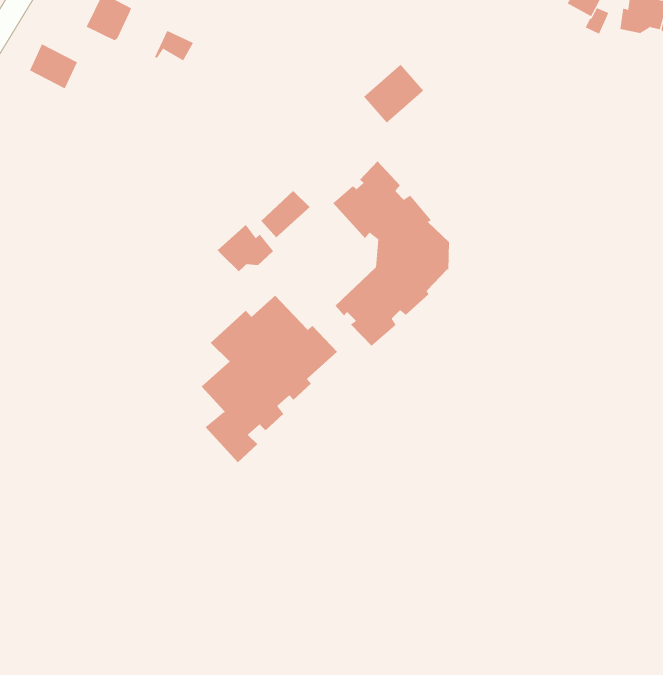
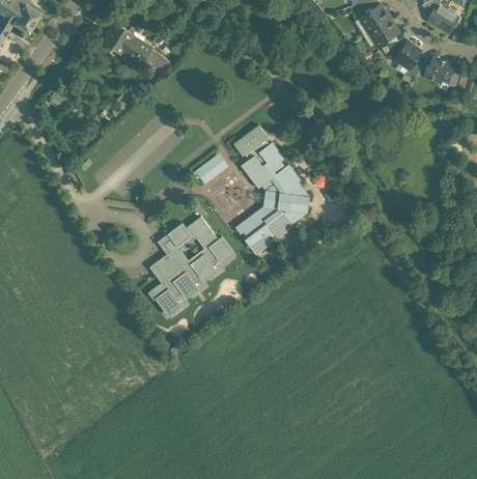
building: [29,44,78,89] -> [120,35,150,64]
building: [363,64,424,124] -> [233,123,271,159]
building: [217,224,274,272] -> none

